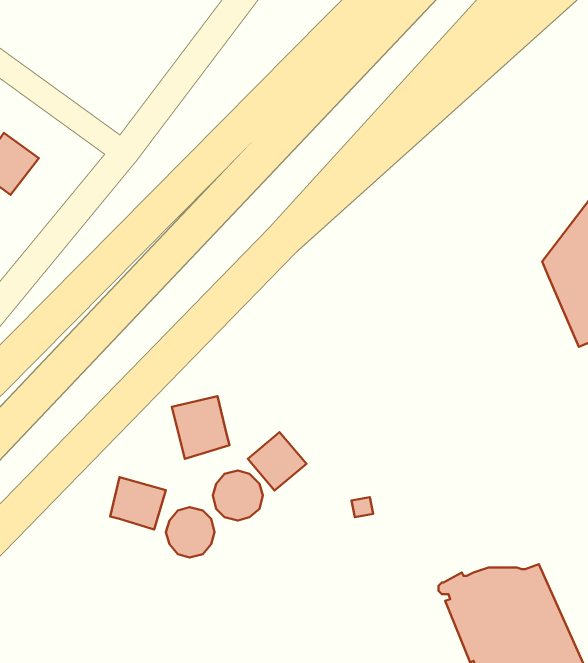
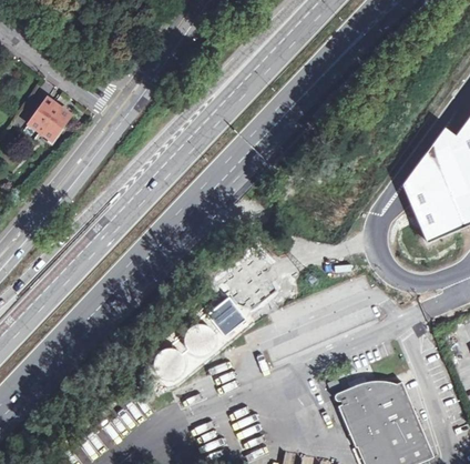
building: [172,396,230,459] -> none
building: [110,477,166,529] -> none

